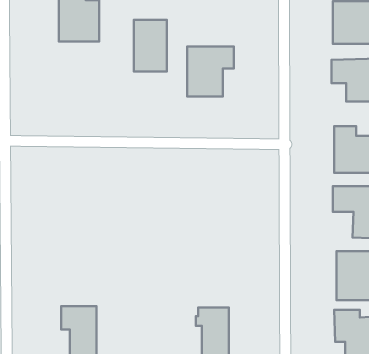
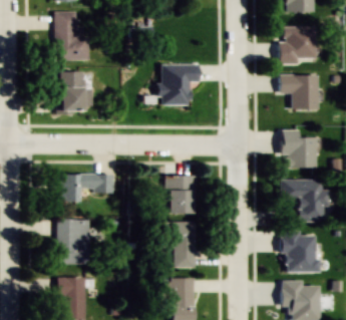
building: [134,20,167,71] -> [57,71,84,113]
building: none -> [57,174,112,202]
building: none -> [166,176,195,214]
building: none -> [57,220,92,264]
building: none -> [163,222,195,267]

